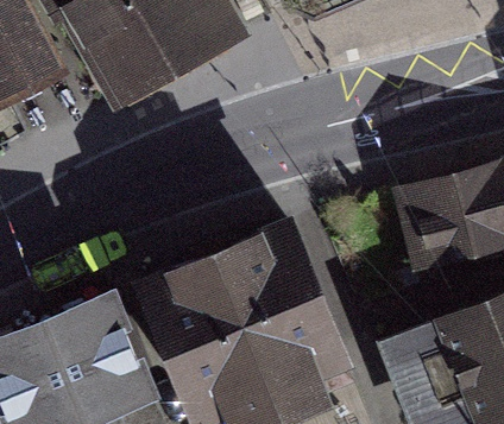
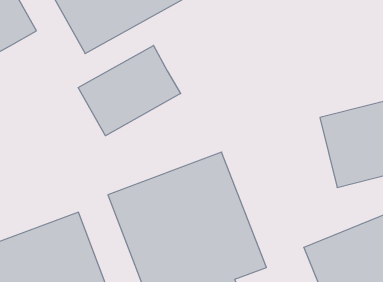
building: none -> [78,45,181,136]

